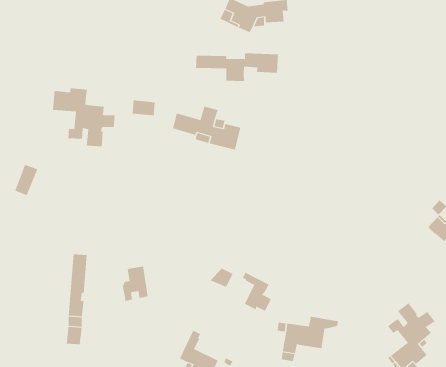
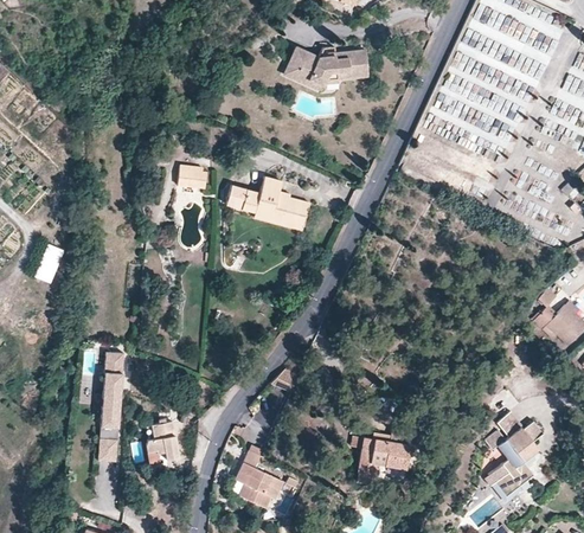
building: [195,53,278,82] -> none
building: [52,87,115,147] -> none
building: [122,266,149,301] -> [147,423,179,465]
building: [242,272,271,312] -> none

